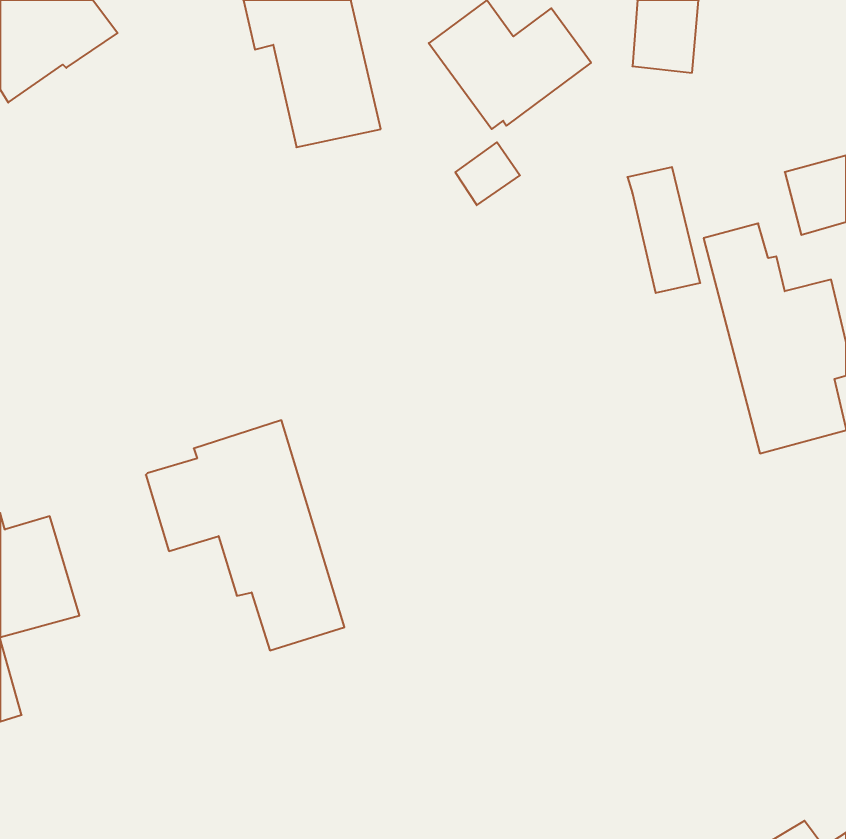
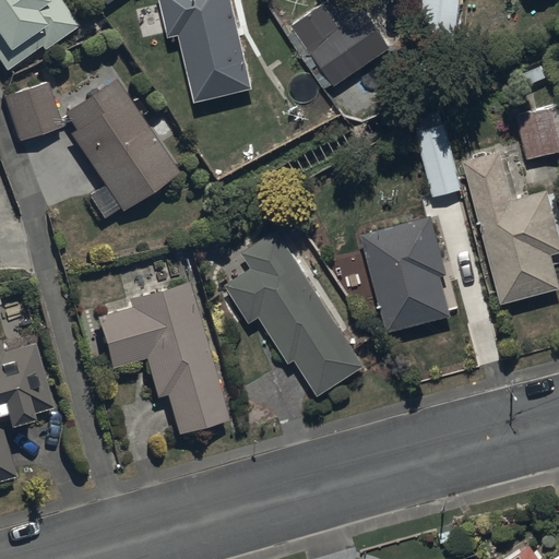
building: none -> [63,80,178,221]
building: none -> [4,85,60,142]
building: none -> [362,215,451,331]
building: none -> [227,229,367,393]

